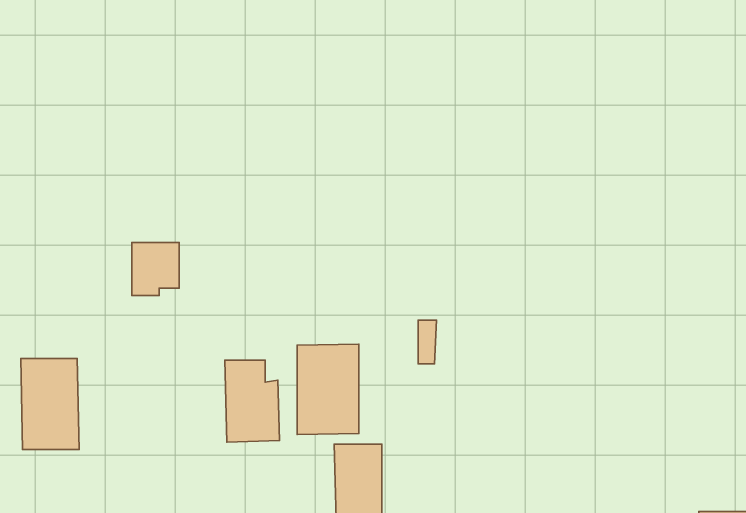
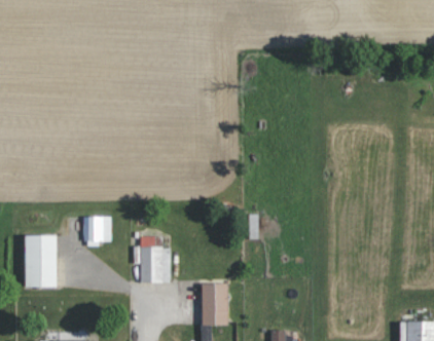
building: [132,243,179,295] -> [83,216,110,245]
building: [297,344,359,435] -> none

